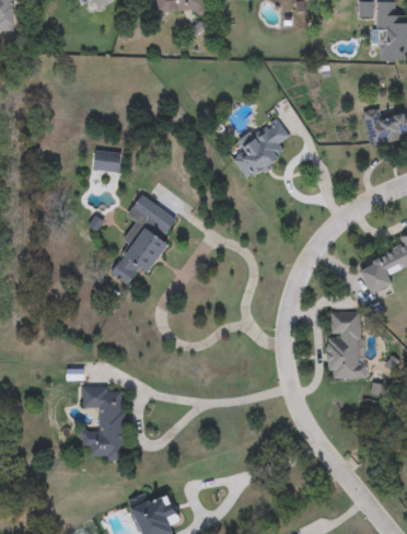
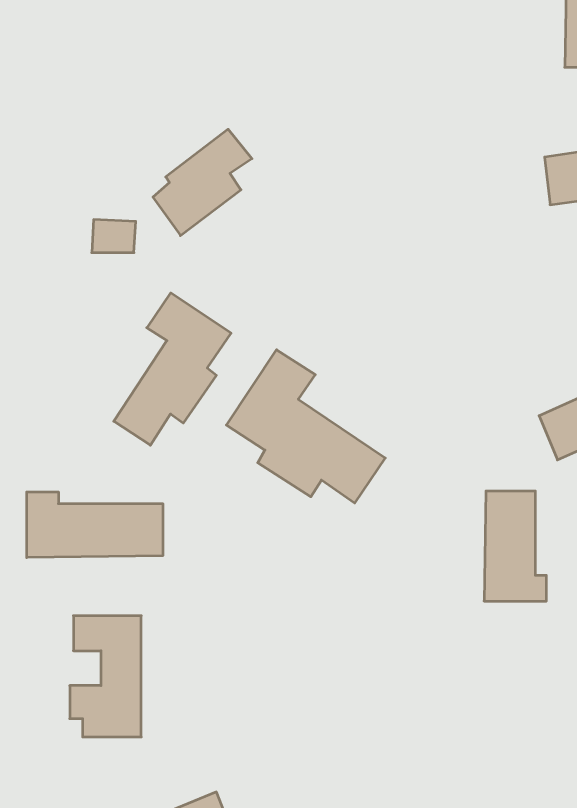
building: [232,116,291,179] -> [153,129,252,236]
building: none -> [226,350,385,503]
building: none -> [27,492,163,558]

